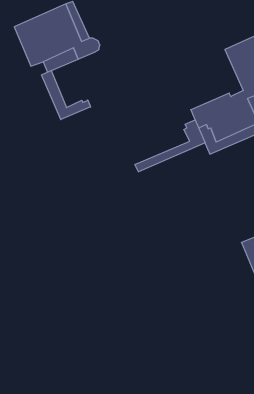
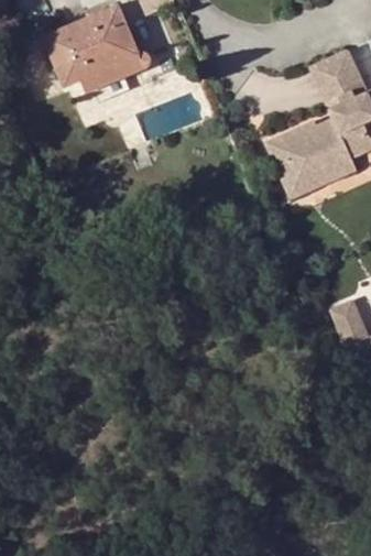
building: [42,70,91,120] -> none
building: [135,120,205,172] -> none

